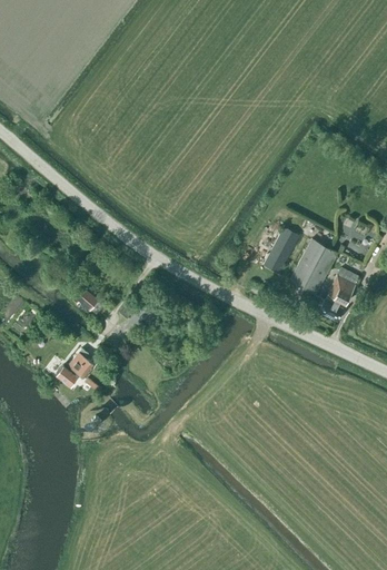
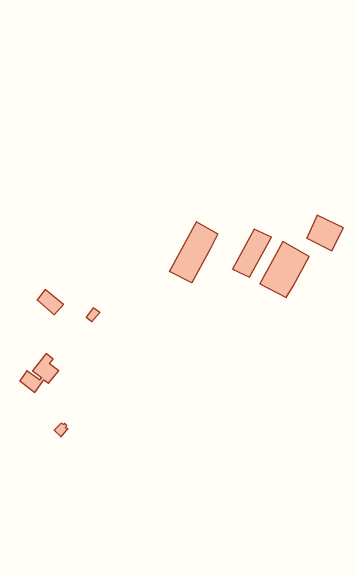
building: none -> [169,222,218,283]
building: [318,267,358,322] -> none

